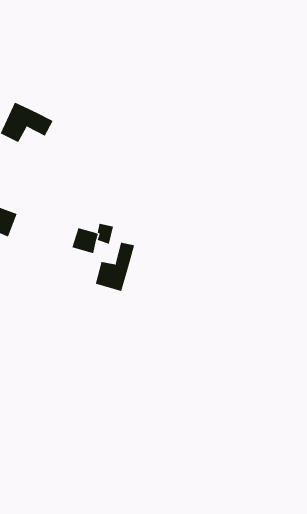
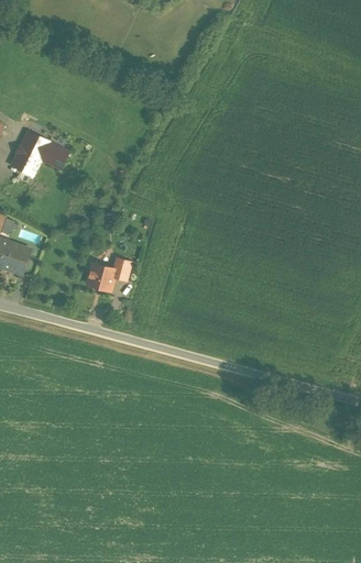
building: [95,242,135,292] -> none

